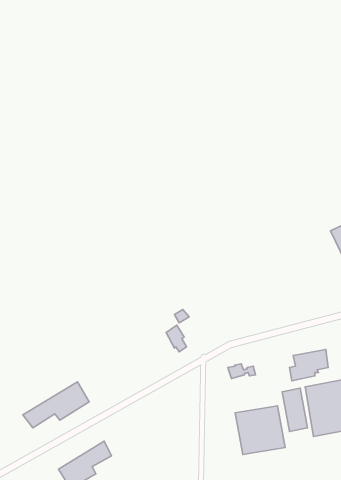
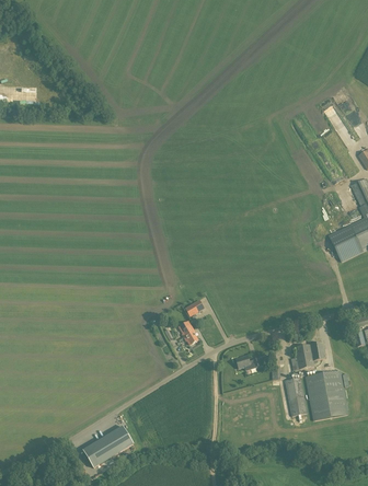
building: [23,382,89,428] -> none
building: [235,406,285,455] -> none

